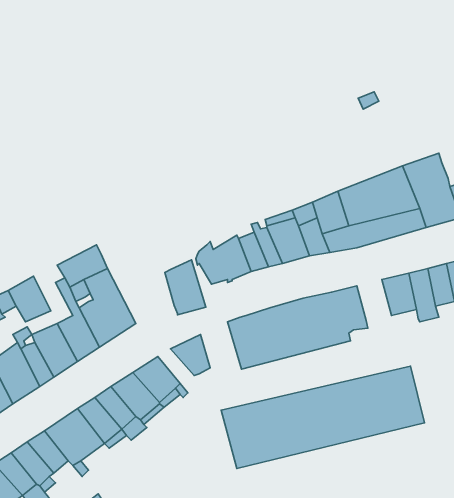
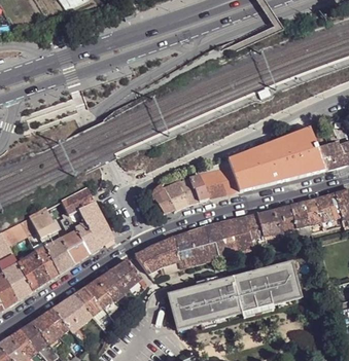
building: [165,260,206,315] -> [155,236,182,272]
building: none -> [257,208,280,234]

